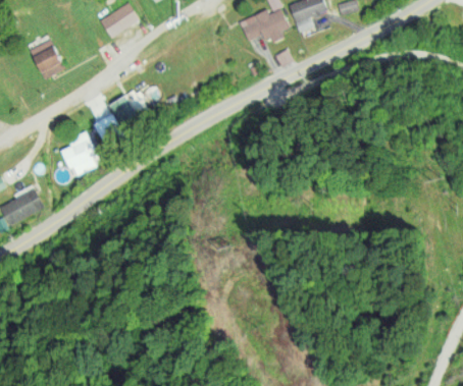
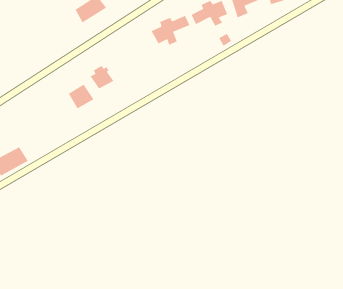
building: none -> [151,15,190,46]
building: [30,40,66,78] -> none
building: [61,129,101,176] -> none

